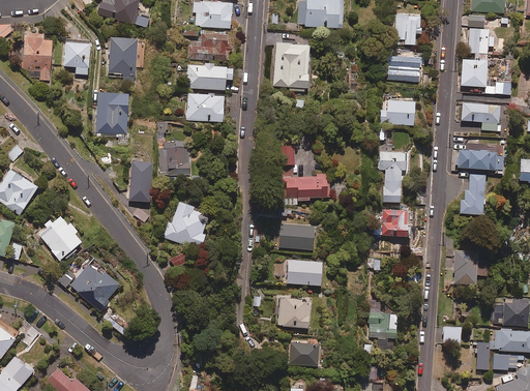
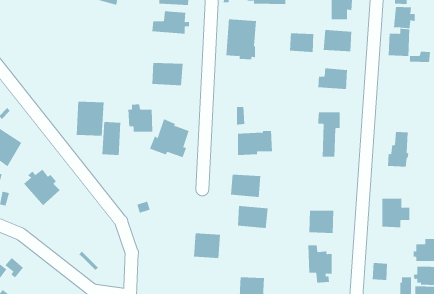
building: [23,31,52,79] -> none
building: [108,37,137,81] -> none
building: [64,42,90,73] -> none
building: none -> [289,33,314,53]
building: [186,63,233,89] -> none
building: [96,92,129,132] -> [76,101,104,136]
building: [462,102,501,130] -> none
building: [459,149,504,170] -> none
building: [163,201,209,246] -> [149,118,189,158]
building: [381,210,411,237] -> [308,210,334,233]
building: [70,261,120,311] -> none
building: [278,297,311,327] -> [193,233,221,259]

